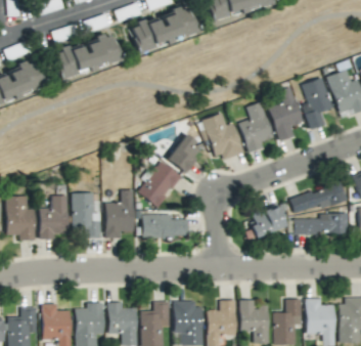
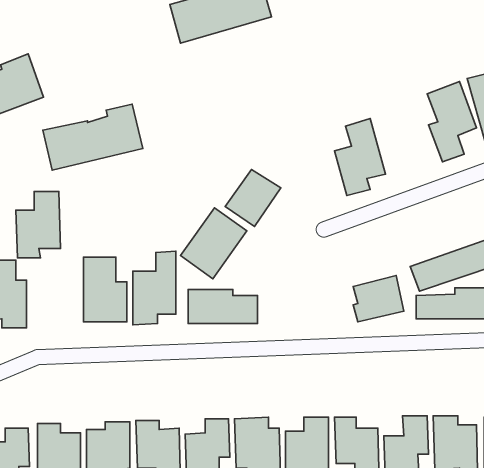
building: [55,33,122,77] -> [43,104,143,170]
building: [270,87,304,141] -> none
building: [205,113,245,162] -> none
building: [40,196,70,240] -> [16,192,61,258]

